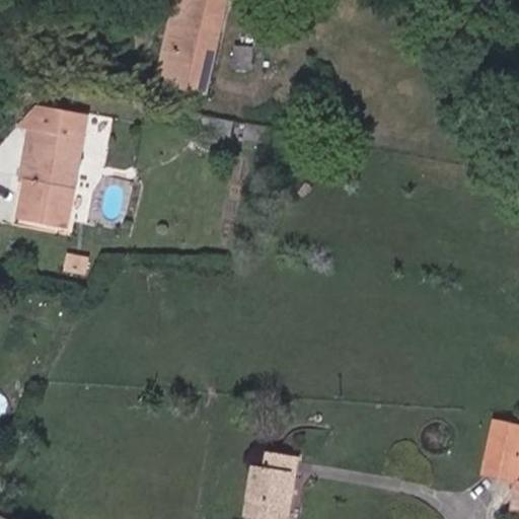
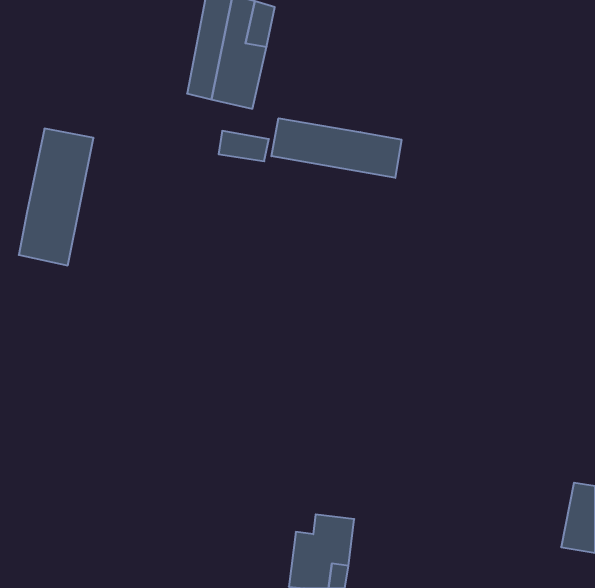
building: none -> [271,118,401,178]
building: [12,109,39,184] -> none

